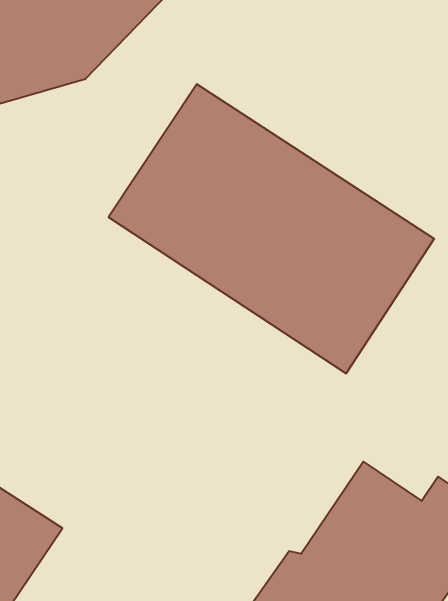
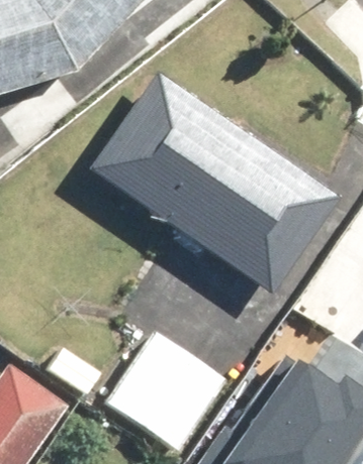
building: none -> [105,326,235,453]

